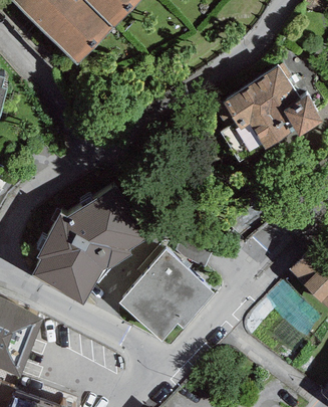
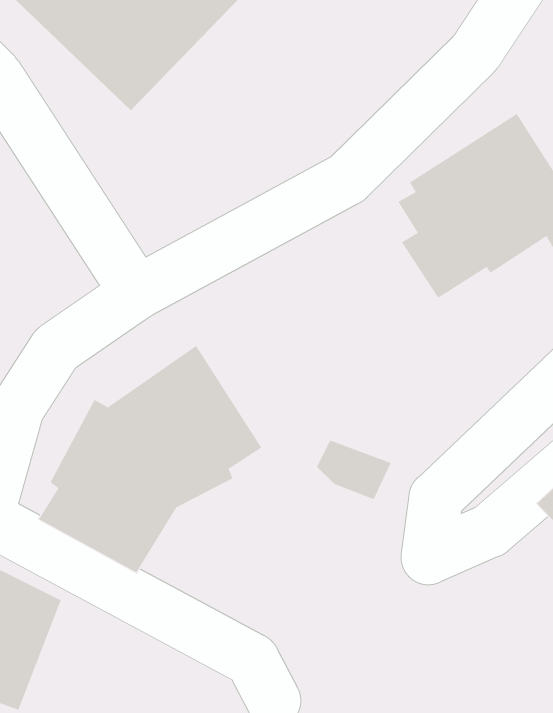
building: [118,248,213,340] -> none

